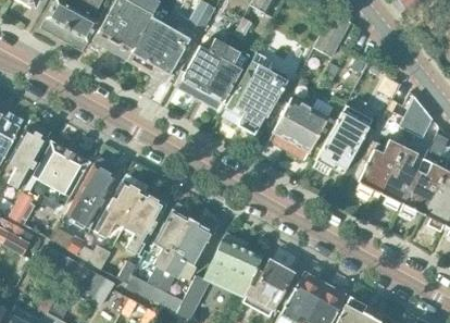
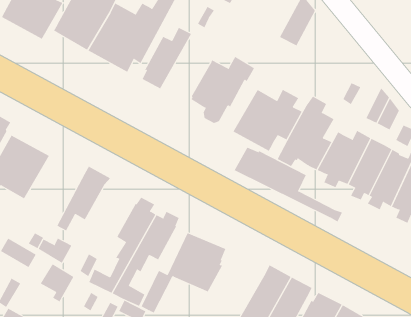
building: [198,45,248,110] -> none
building: none -> [234,147,343,222]
building: [75,159,115,227] -> none
building: [124,192,166,256] -> none
building: [242,261,293,318] -> none

